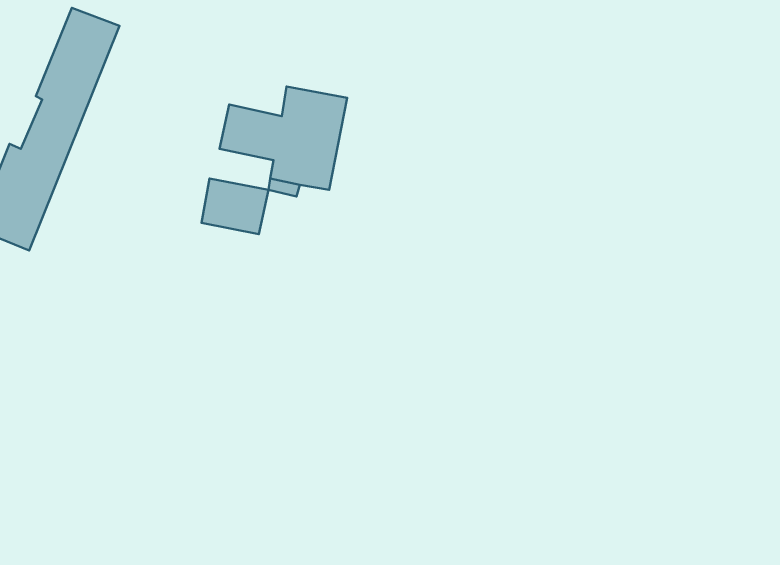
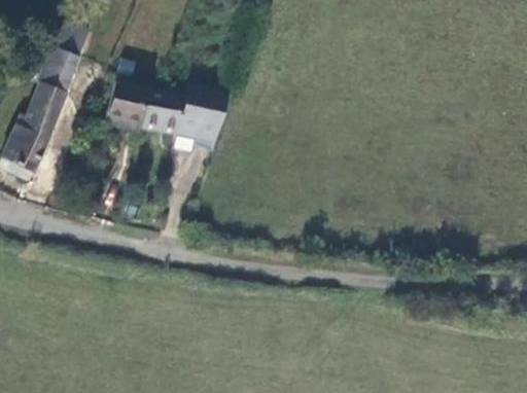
building: [201,178,269,234] -> [110,93,152,128]

